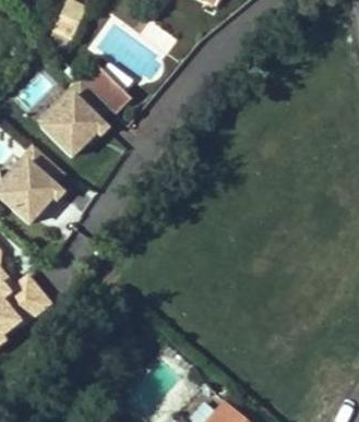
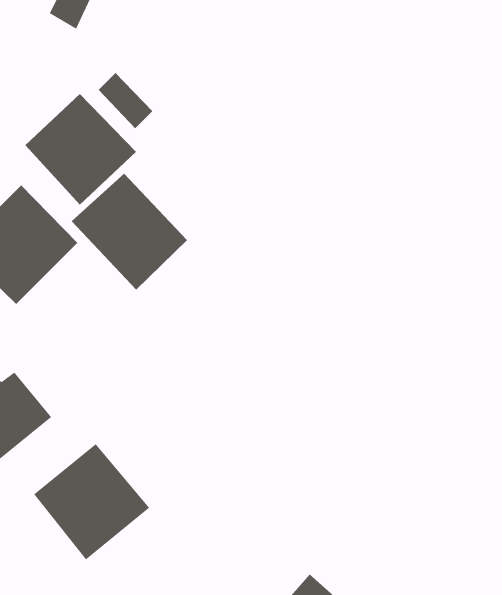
building: none -> [71,173,188,291]
building: none -> [33,443,150,560]

